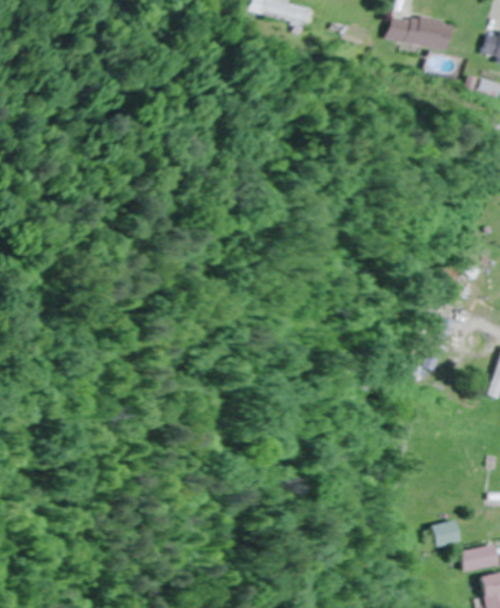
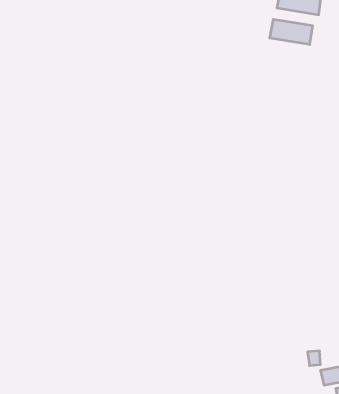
building: none -> [270,19,312,45]

